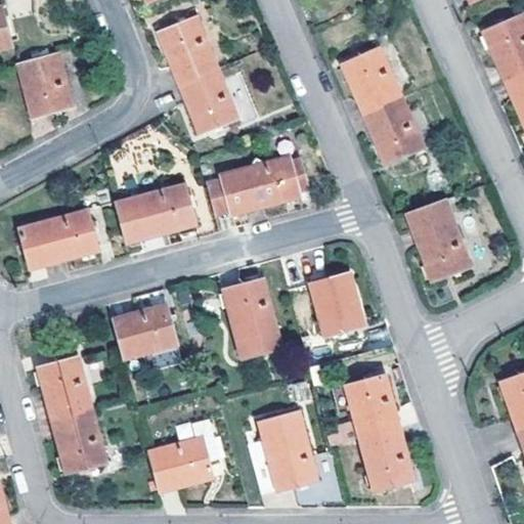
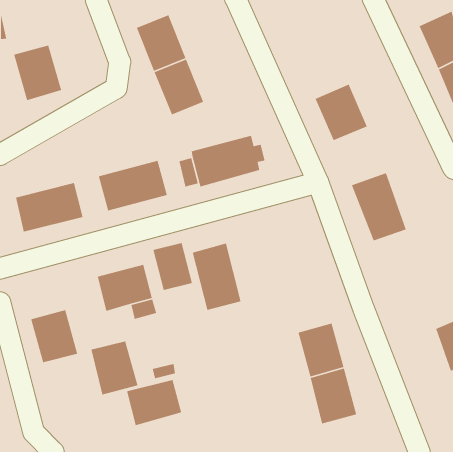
building: [341,46,403,114] -> none
building: [309,270,362,333] -> none
building: none -> [153,242,193,291]
building: [50,408,105,472] -> [90,340,138,395]
building: [245,408,313,489] -> none

